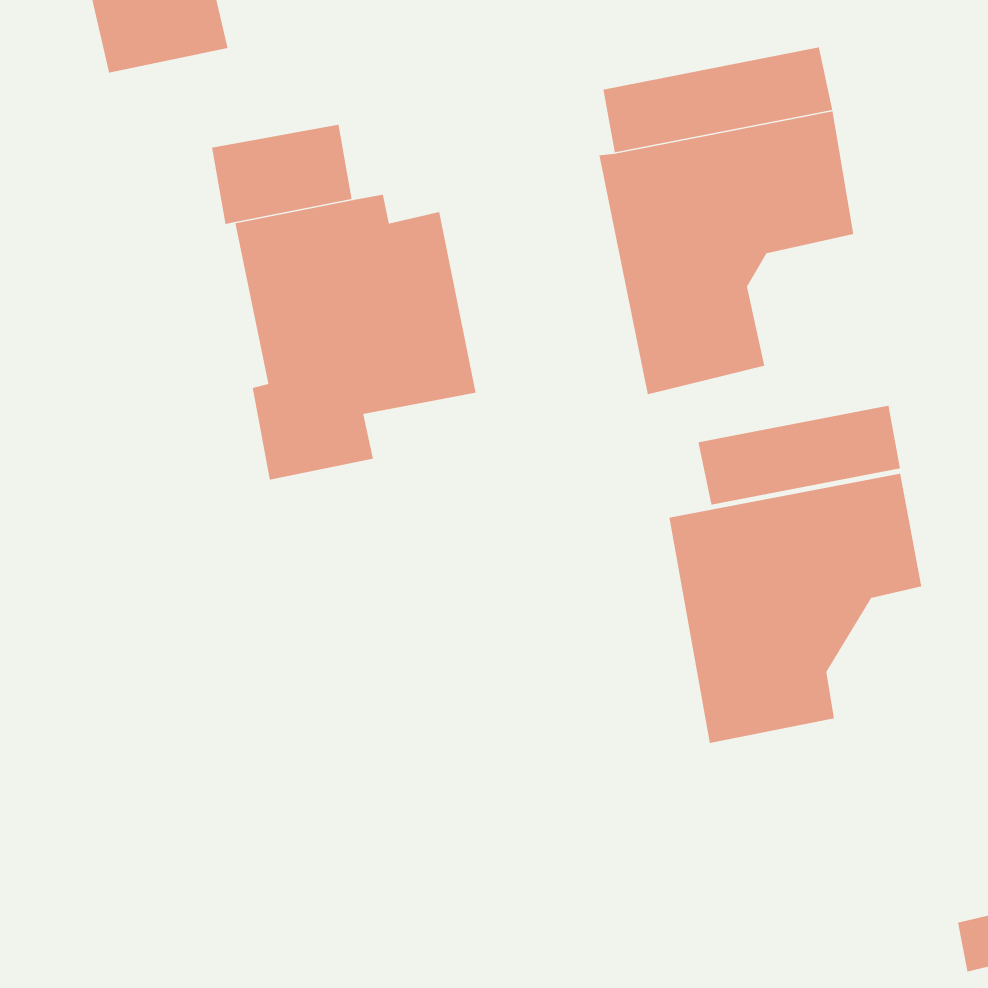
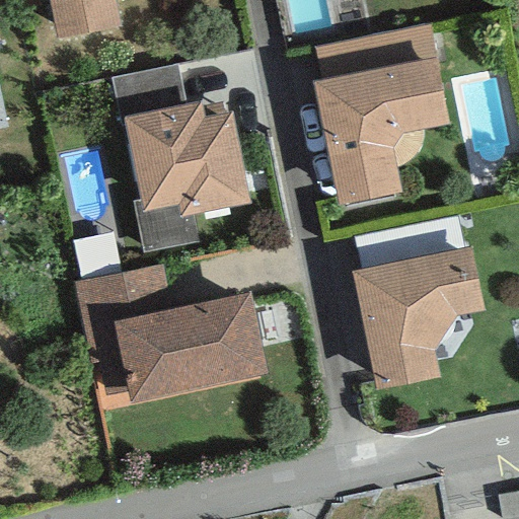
building: none -> [75,265,267,402]

